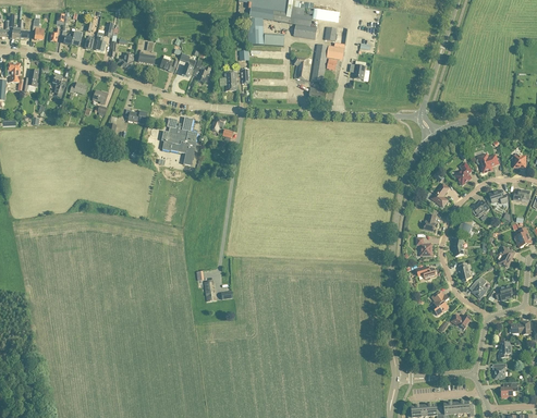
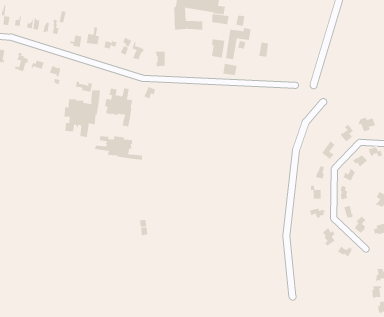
building: none -> [64,90,100,138]
building: none -> [95,135,143,161]

